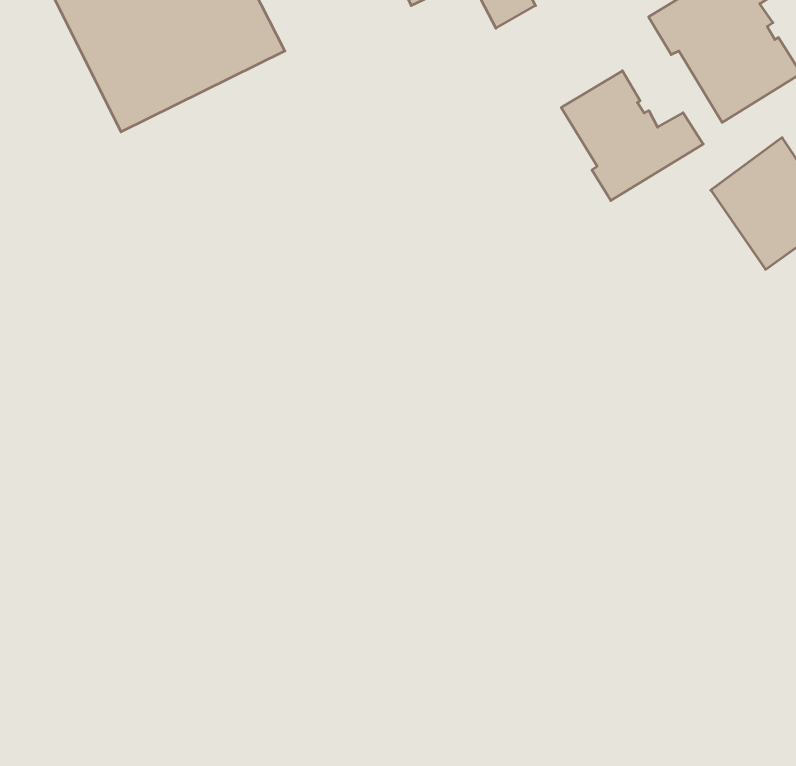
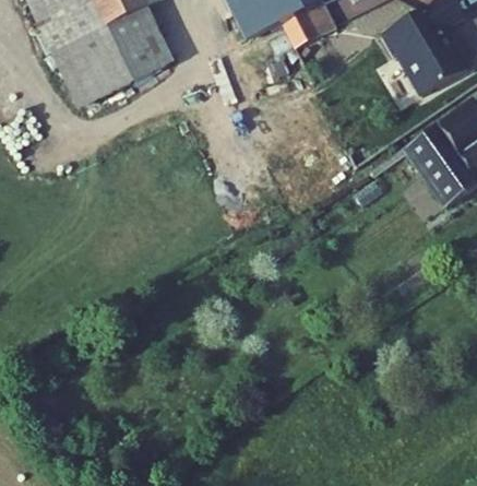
building: [561,71,703,201] -> none

